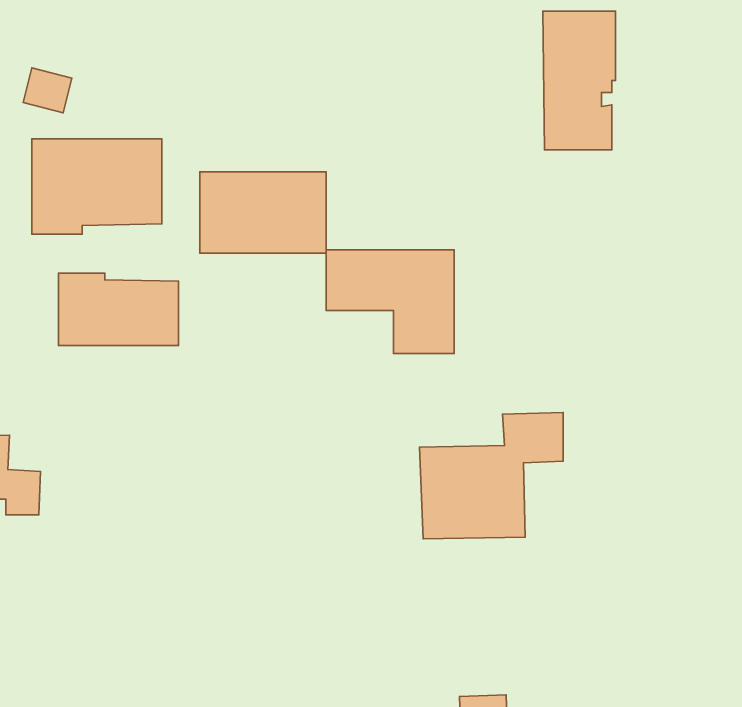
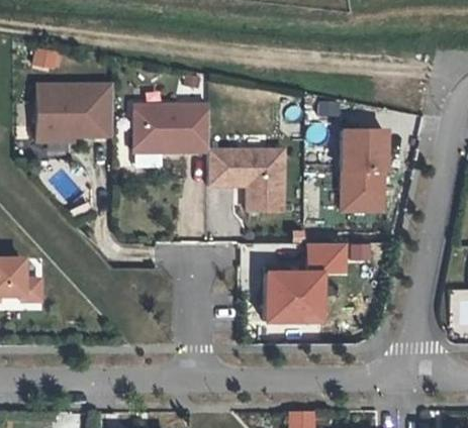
building: [543,11,615,150] -> [343,130,385,211]
building: [58,273,179,346] -> none

